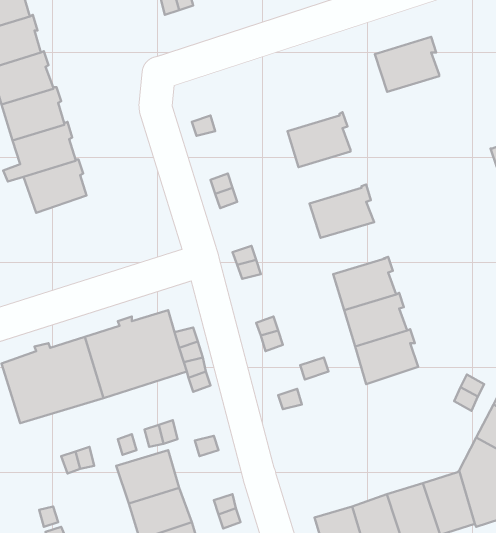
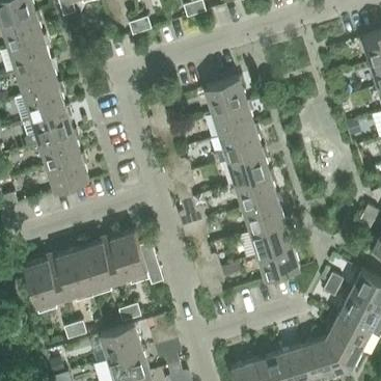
building: [375,37,439,92] -> [205,77,247,113]
building: none -> [220,126,262,161]
building: none -> [47,155,88,192]
building: none -> [235,172,277,208]

